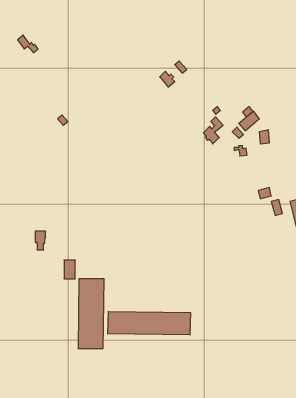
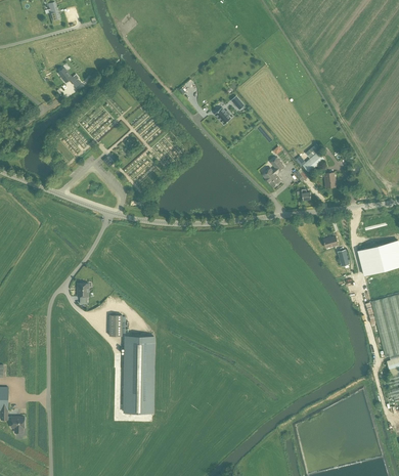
building: [108,311,191,335] -> none

